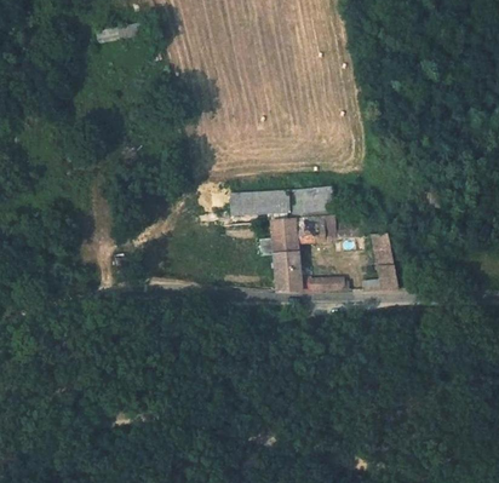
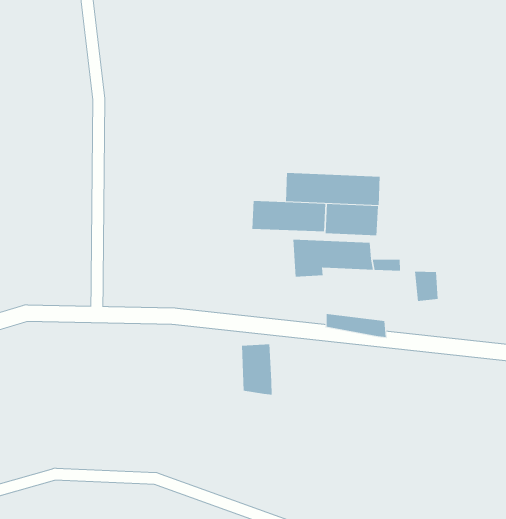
building: none -> [285,172,380,206]
building: [273,247,302,288] -> [241,344,272,395]
building: [373,257,397,293] -> none

